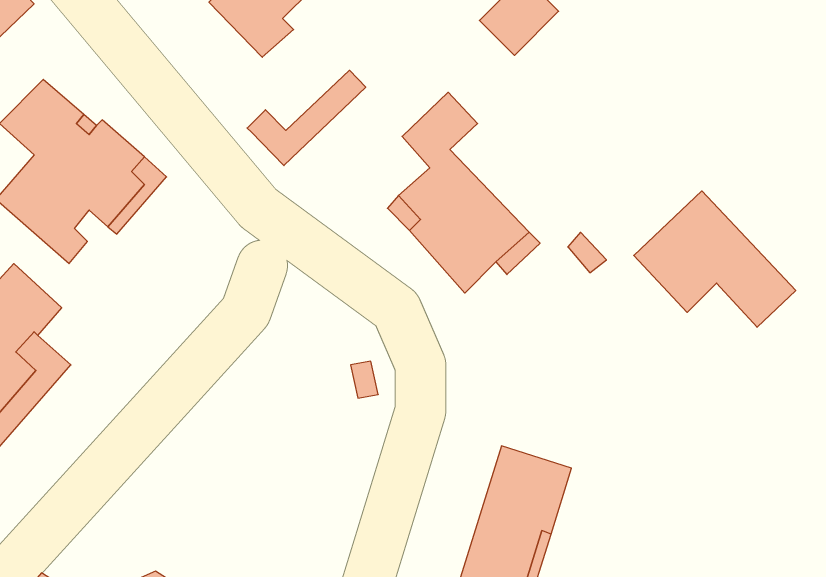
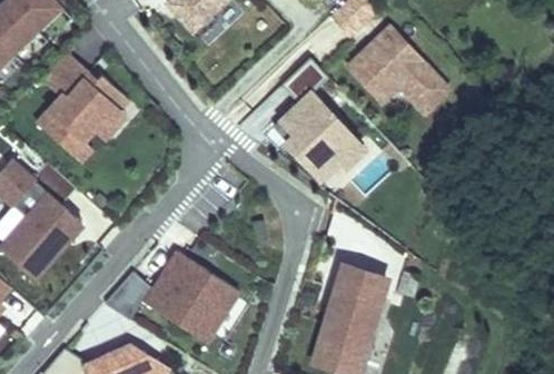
building: [247,70,366,166] -> none
building: [634,191,796,327] -> [349,28,447,110]
building: none -> [105,252,238,341]

